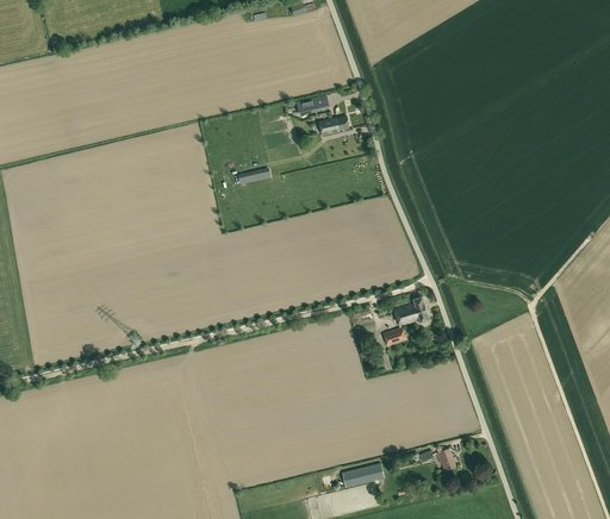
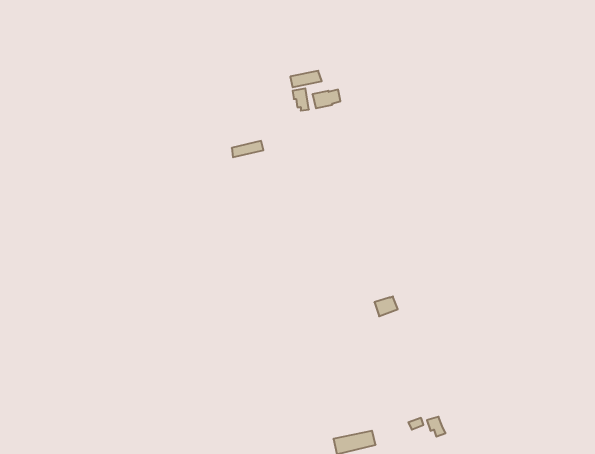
building: [393,296,429,326] -> none

